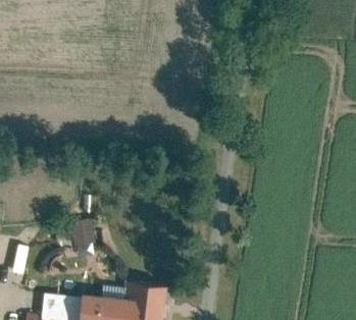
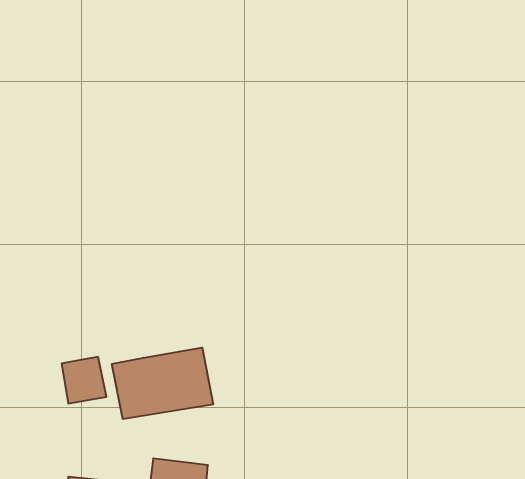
building: none -> [112,348,213,419]

